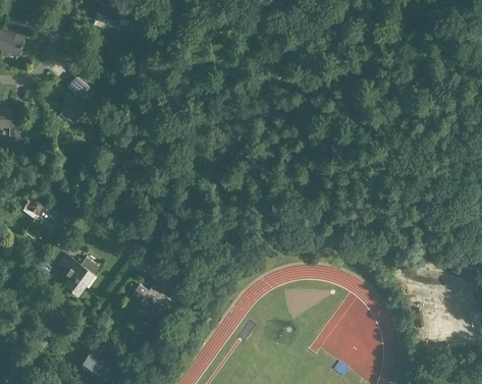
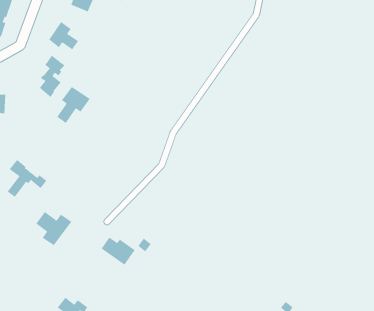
building: none -> [48,21,79,50]
building: none -> [56,86,91,124]

